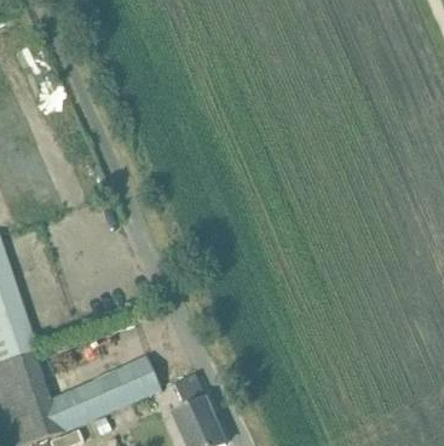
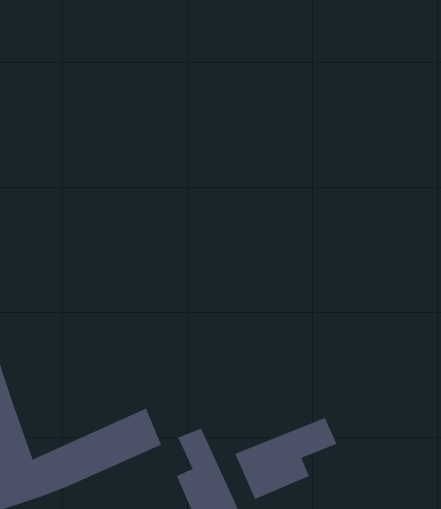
building: none -> [234,417,337,500]

